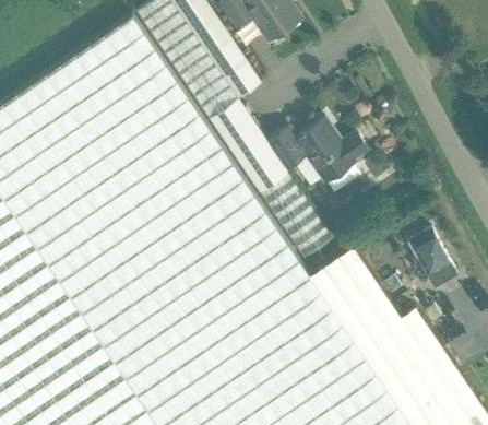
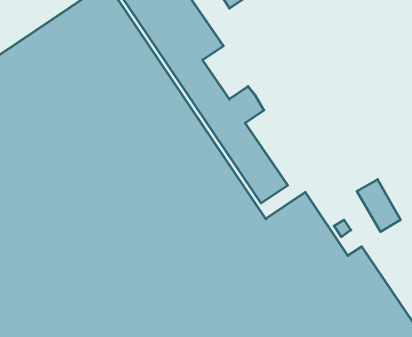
building: [296,118,367,193] -> none

